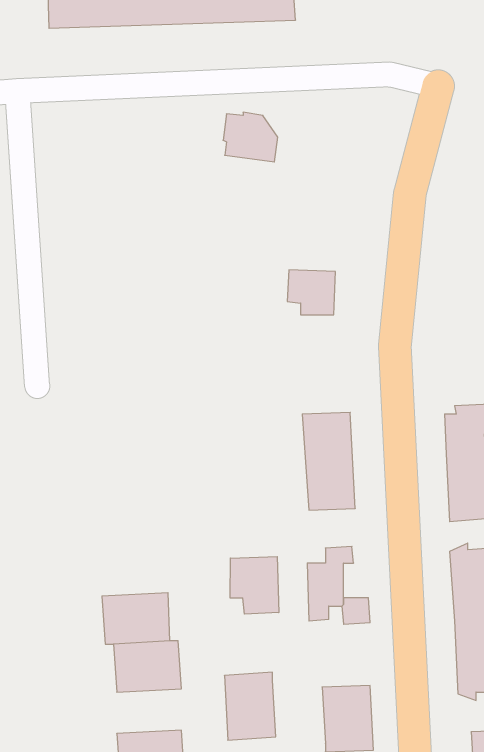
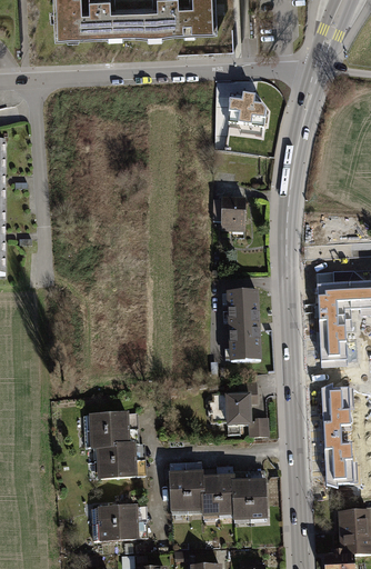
building: [223,112,278,162] -> [228,93,264,127]
building: [230,557,279,614] -> none
building: none -> [202,472,238,517]

